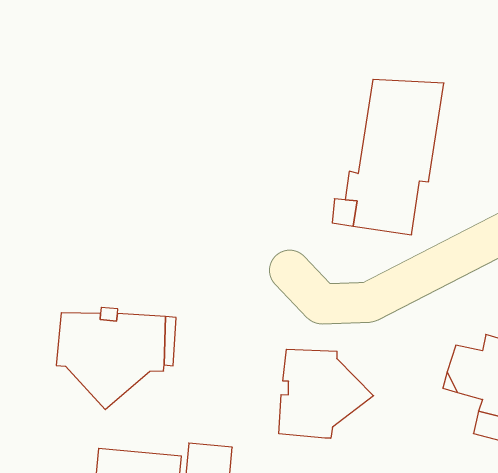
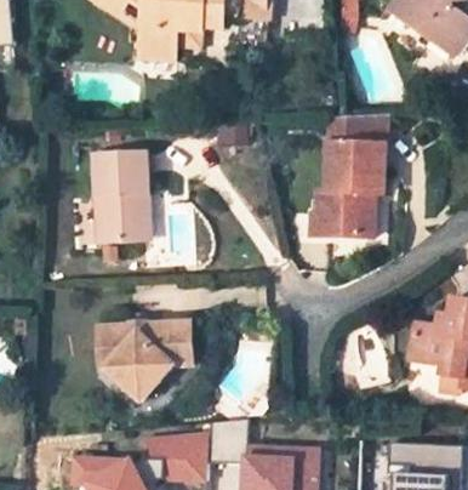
building: none -> [95,152,148,243]
building: [279,349,374,438] -> none

